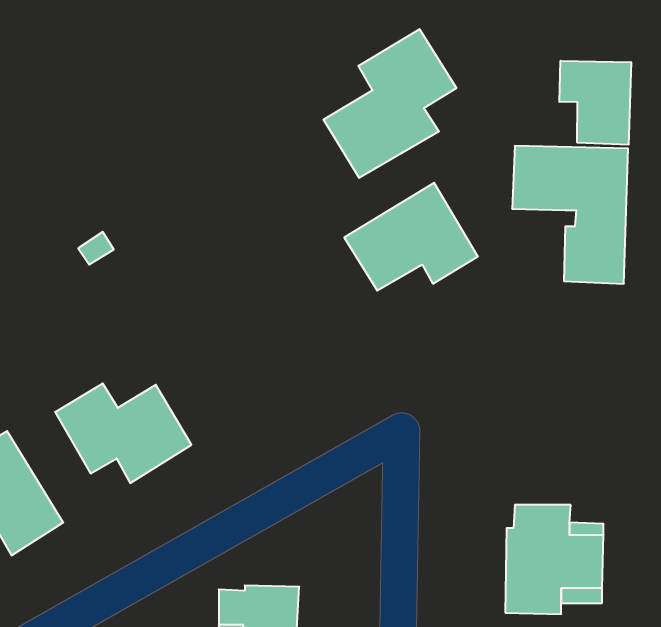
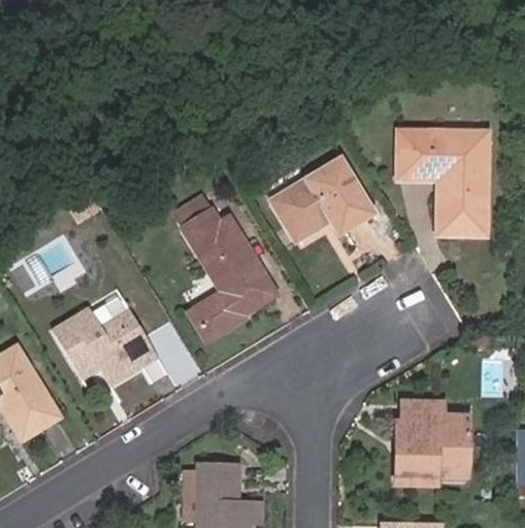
building: [324,29,456,178] -> none
building: [559,61,631,145] -> none
building: none -> [185,210,275,340]

